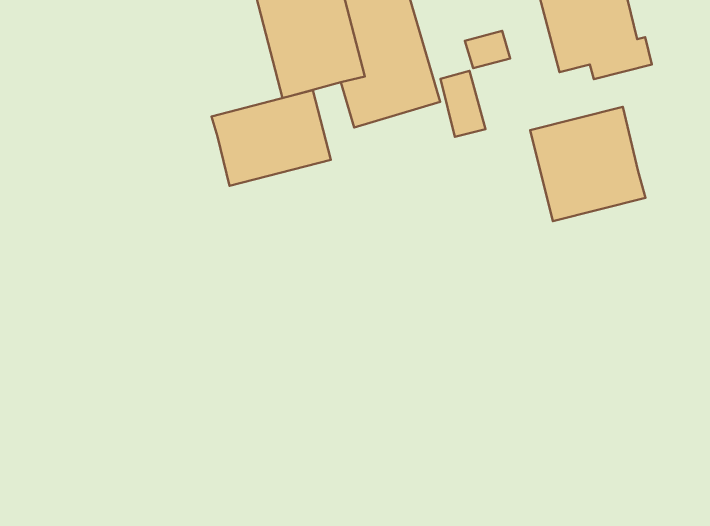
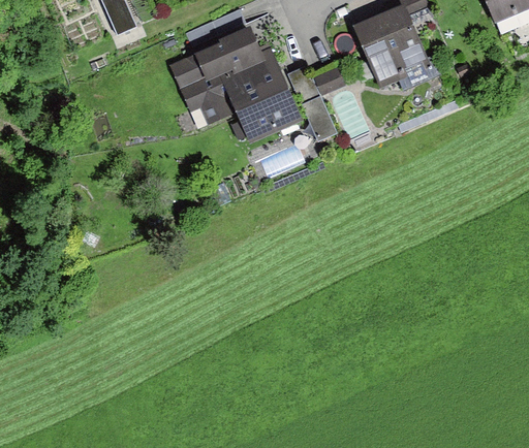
building: [212,90,331,186] -> none
building: [530,107,645,221] -> none

